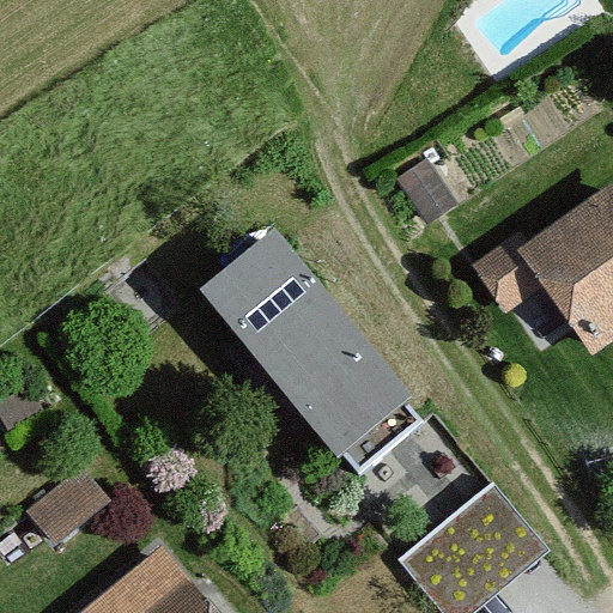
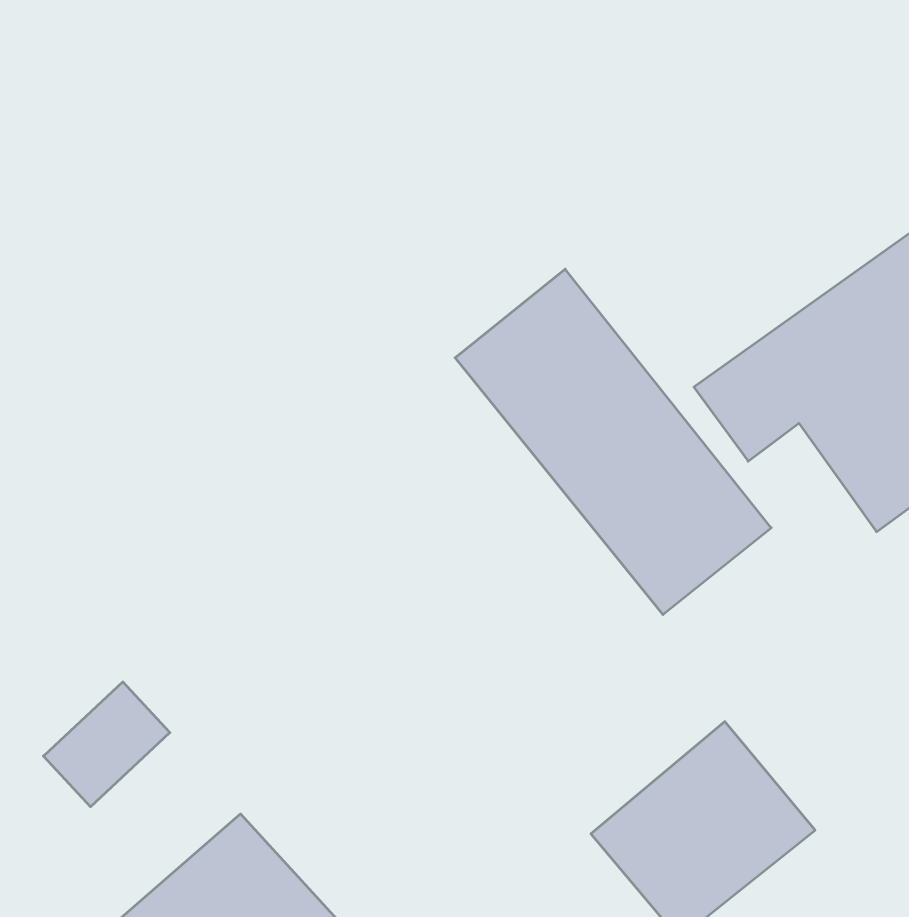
building: [201,232,411,461] -> [455,269,771,615]

